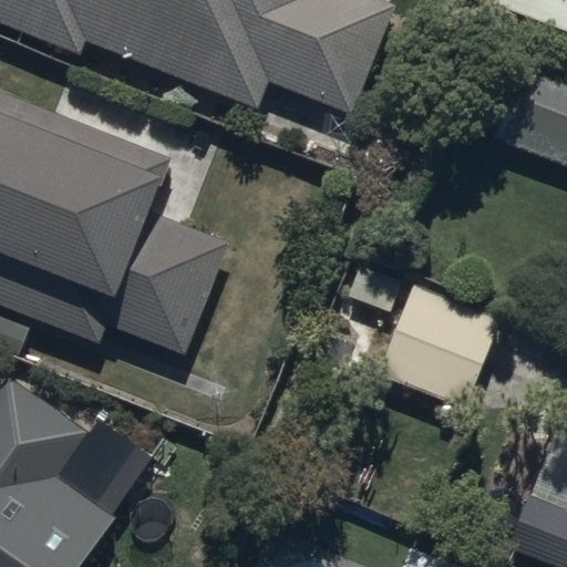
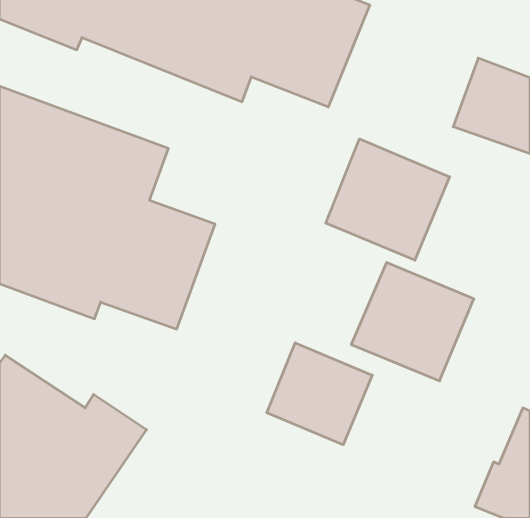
building: none -> [326,139,450,260]
building: none -> [267,343,372,445]

